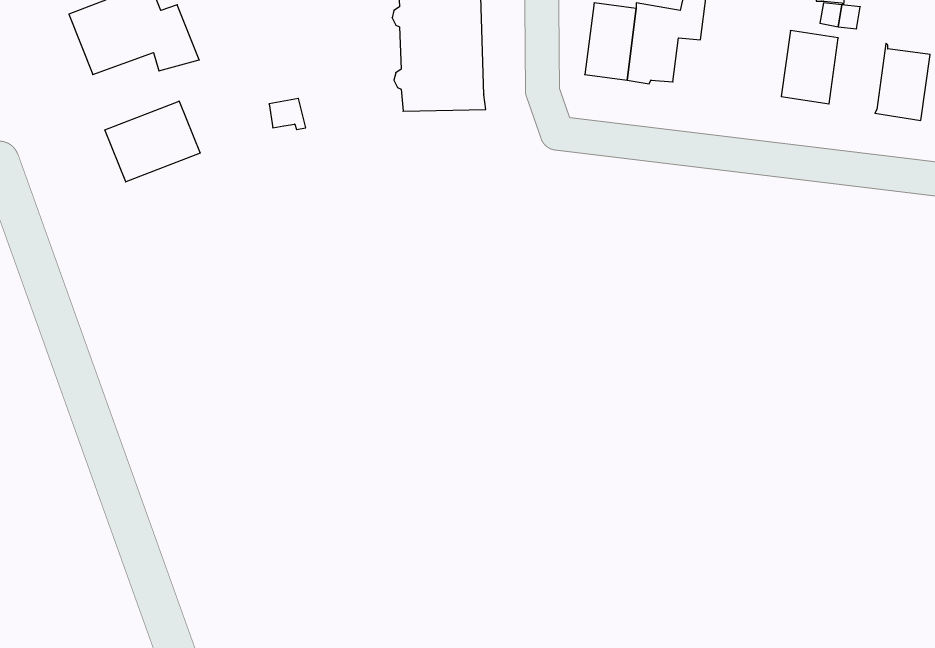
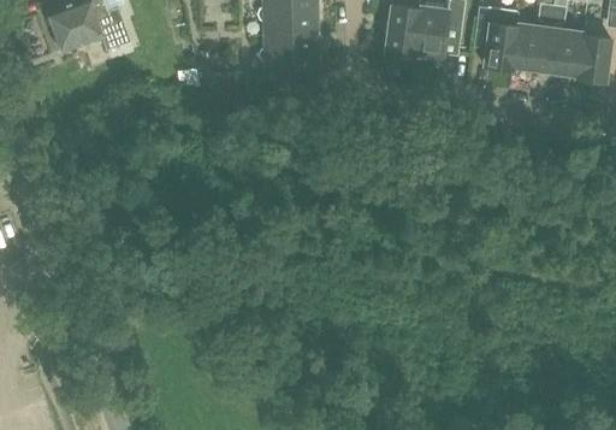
building: none -> [484,20,520,67]
building: none -> [545,26,582,73]
building: [105,101,200,182] -> none

